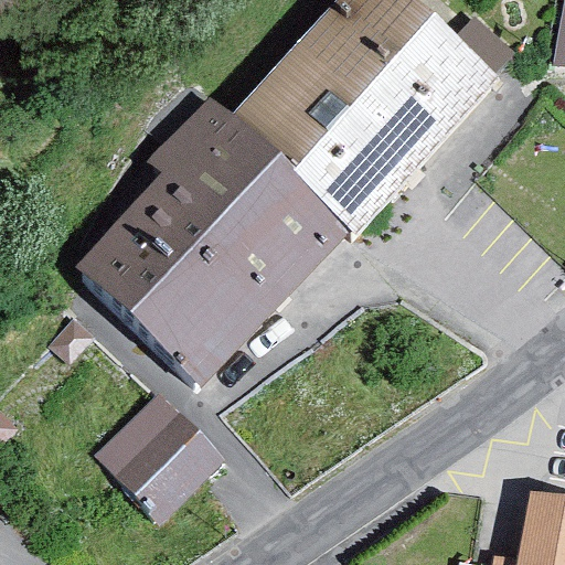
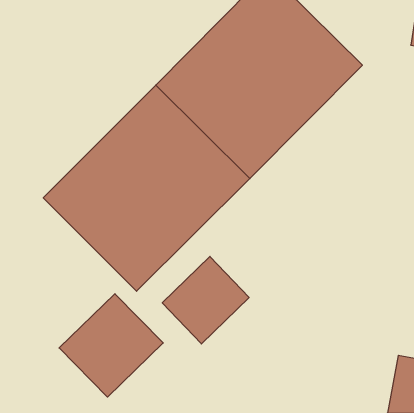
building: none -> [162,256,249,344]

